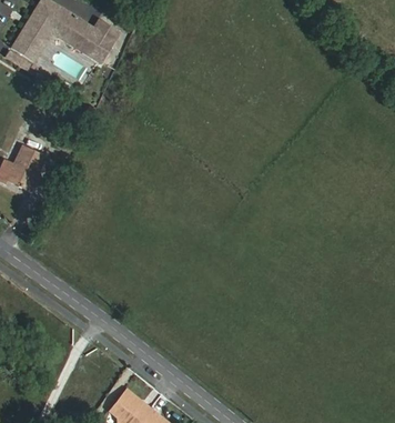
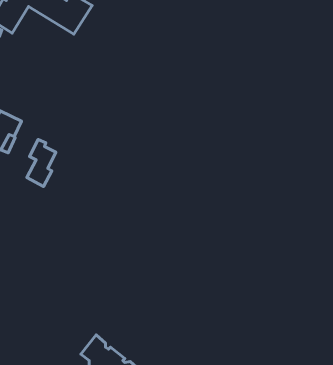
building: none -> [27,140,56,186]

